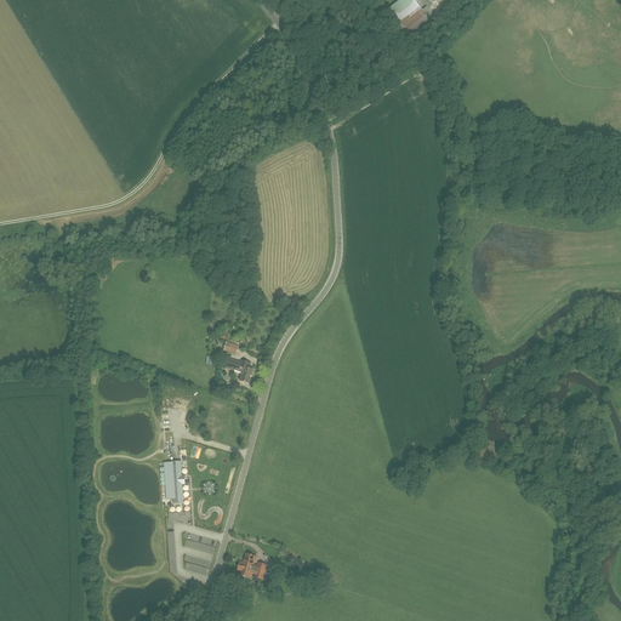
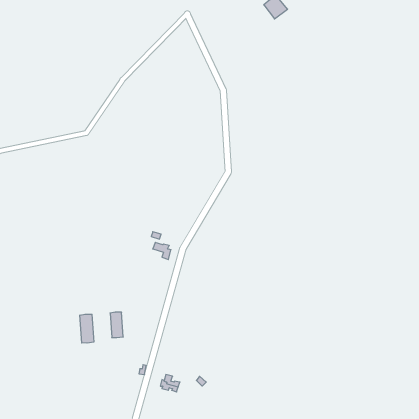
building: none -> [80,314,94,343]

